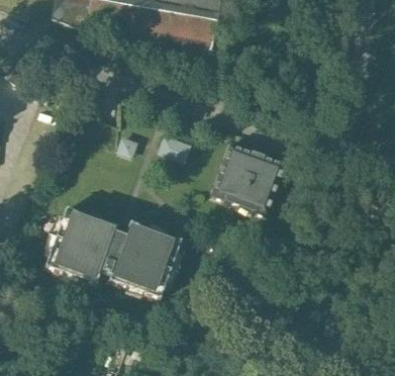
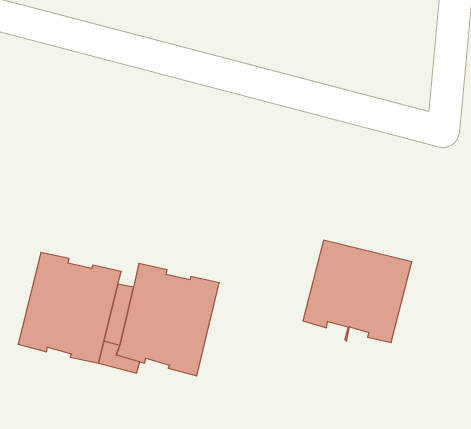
building: [159,131,194,160] -> none
building: [209,143,285,214] -> [303,240,412,342]

